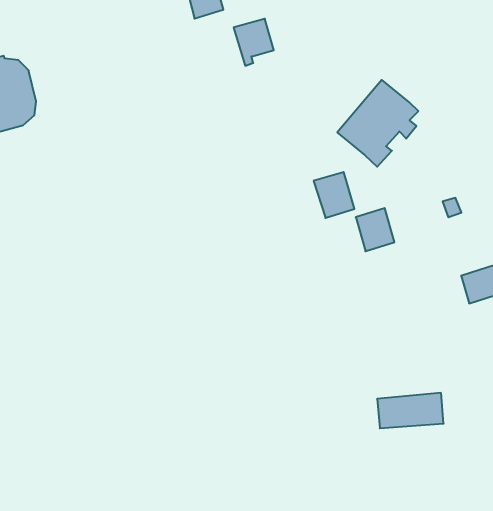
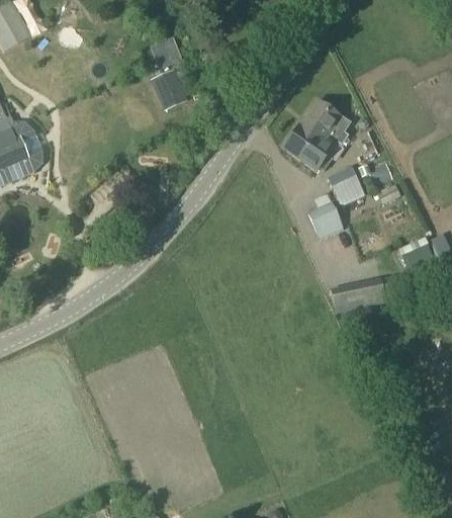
building: [234,19,274,66] -> [149,69,183,108]
building: [314,172,354,218] -> [328,166,363,204]
building: [377,393,444,428] -> [331,278,386,313]

